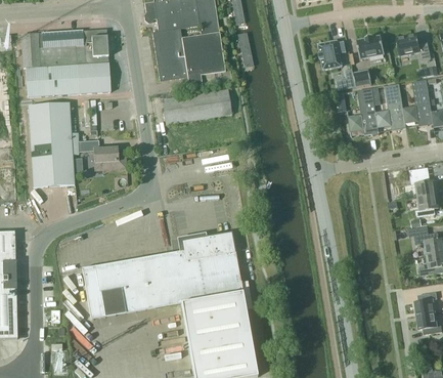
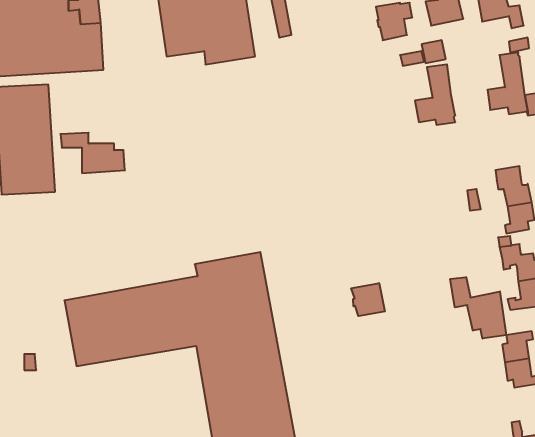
building: [375,82,406,129] -> none
building: [162,88,231,123] -> none
building: none -> [450,277,506,339]
building: none -> [351,283,385,316]

